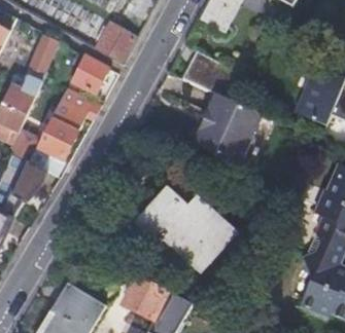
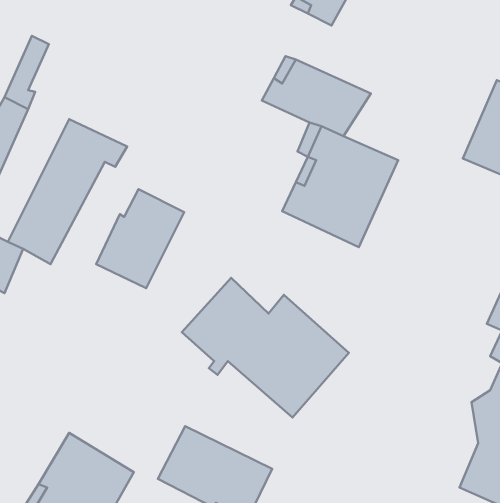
building: [94,25,136,66] -> none
building: [66,54,107,92] -> none
building: none -> [96,189,184,288]

